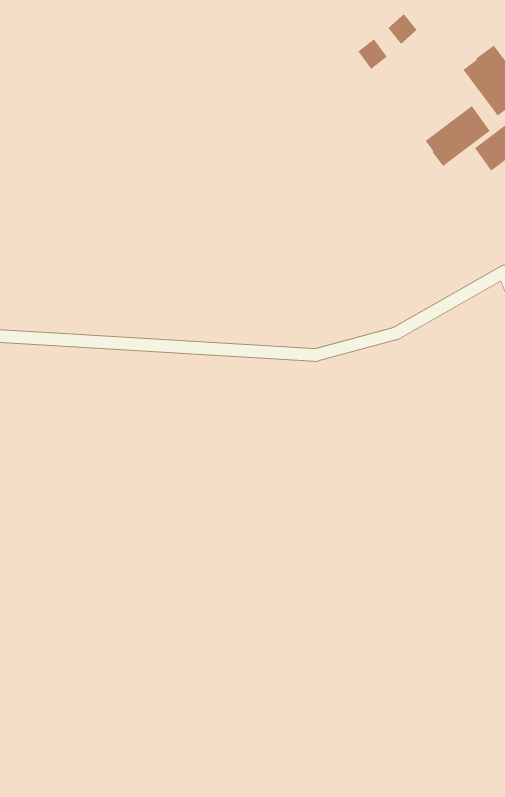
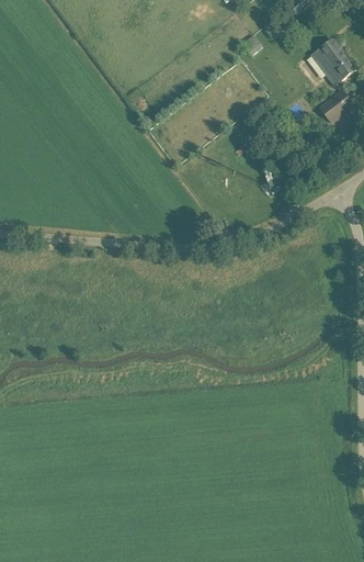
building: [425,105,490,167] -> none

